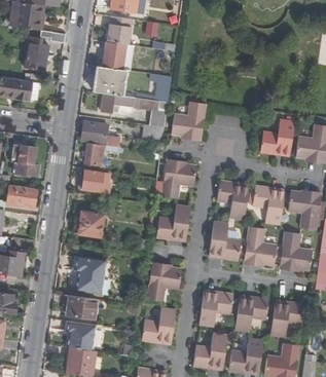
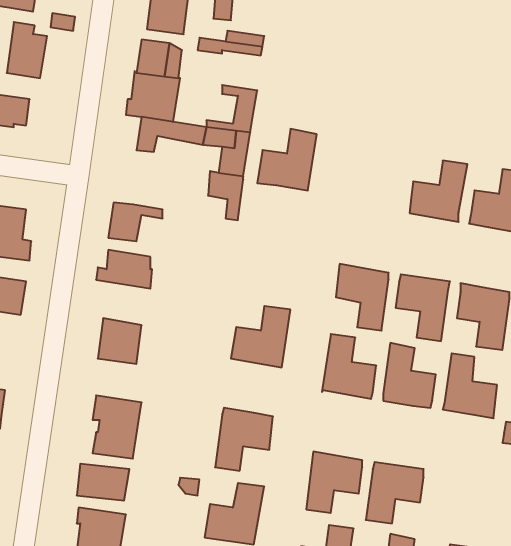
building: [81,120,119,147] -> none
building: [162,160,197,196] -> none
building: [271,300,304,336] -> none

